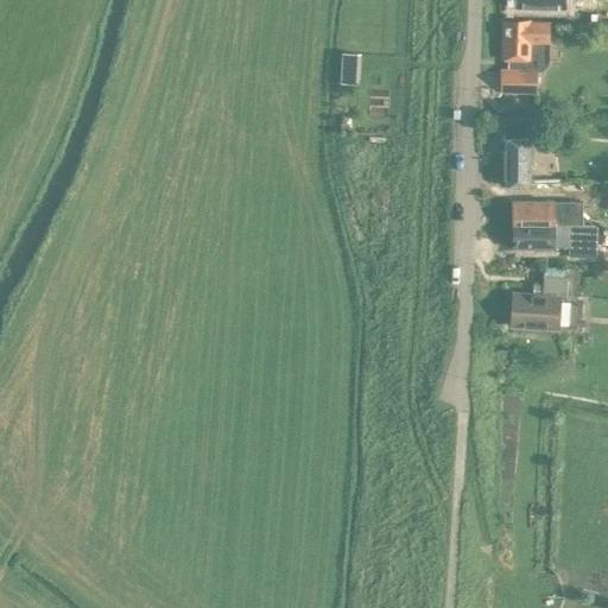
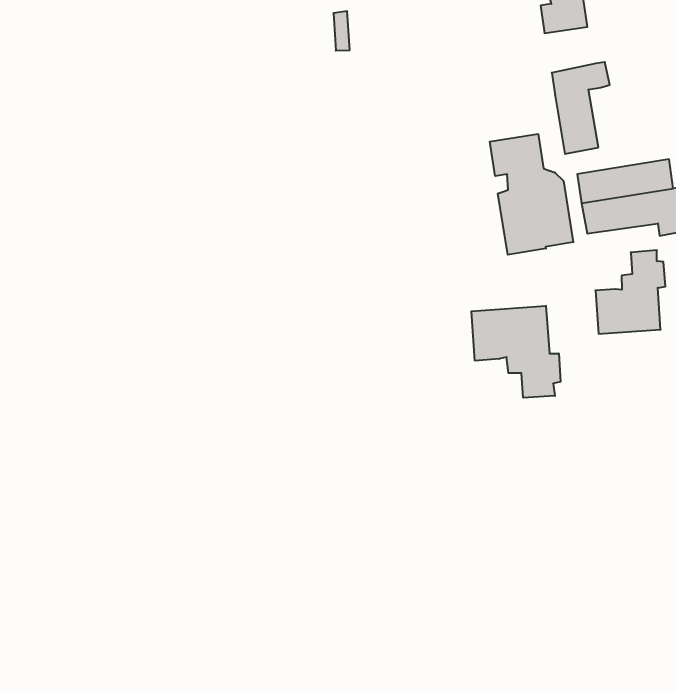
building: none -> [490,134,573,255]
building: none -> [471,306,561,398]

